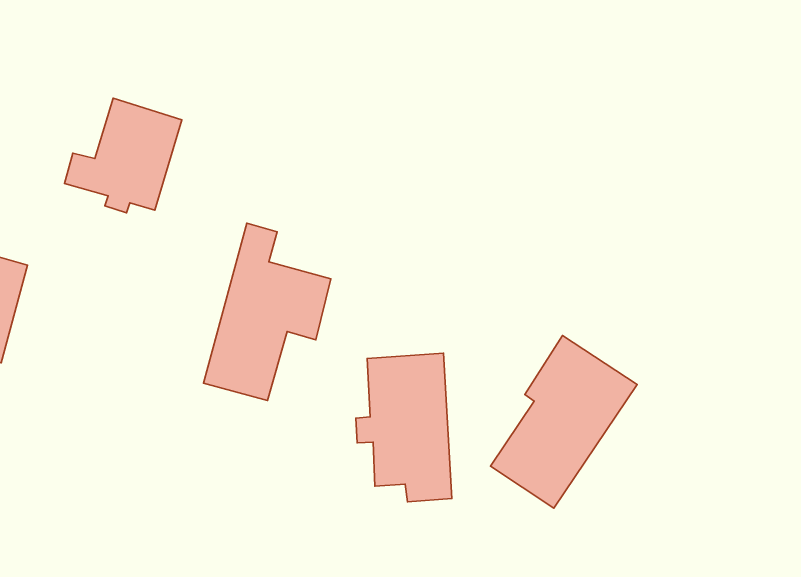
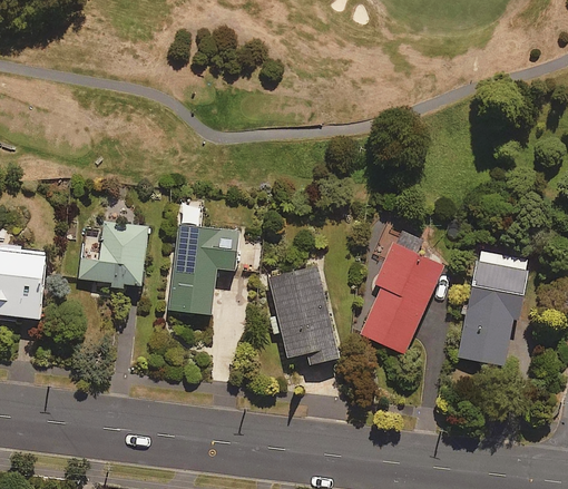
building: [64,98,182,213] -> [80,219,148,291]
building: none -> [458,251,530,366]

